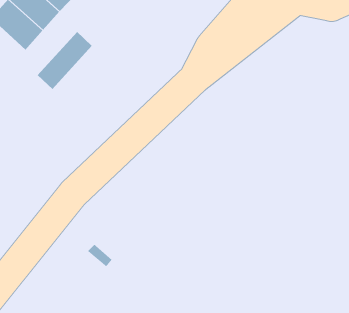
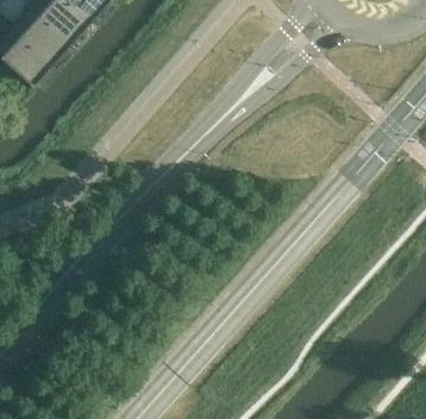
building: [37,31,92,90] -> none

